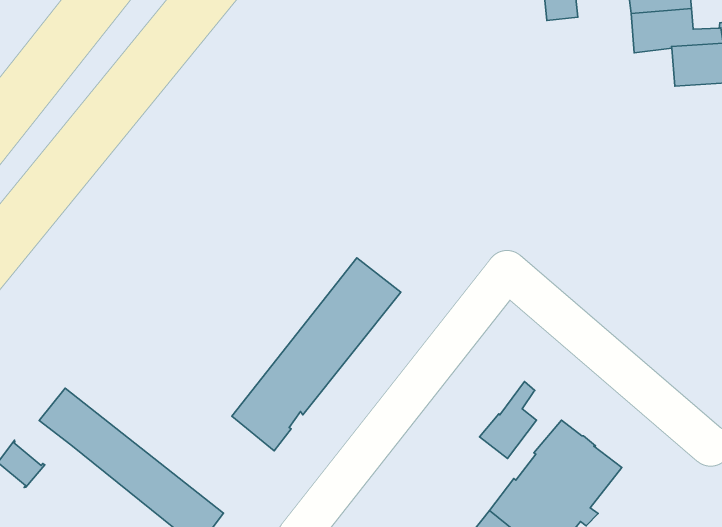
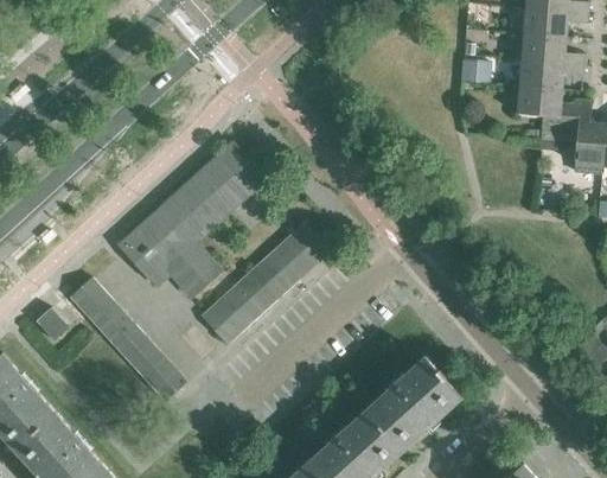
building: none -> [119,142,264,297]
building: [479,381,537,458] -> none

